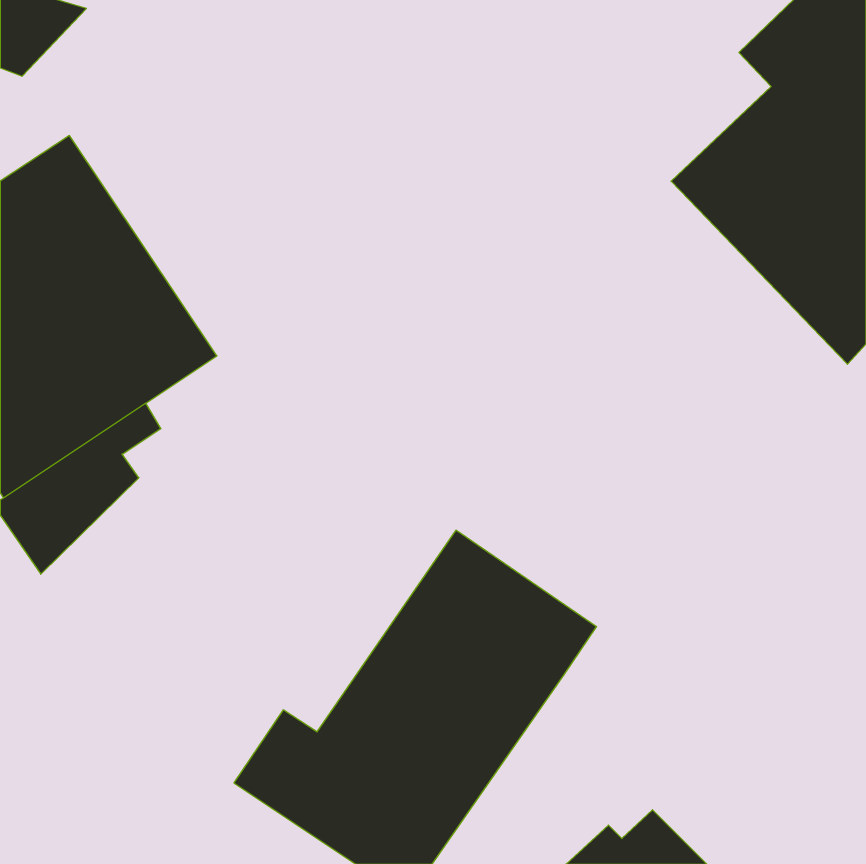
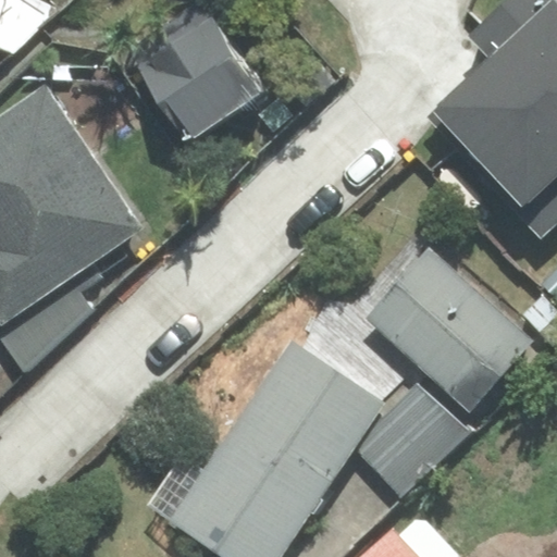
building: none -> [138,16,259,138]
building: none -> [368,247,532,407]
building: none -> [352,379,467,496]

